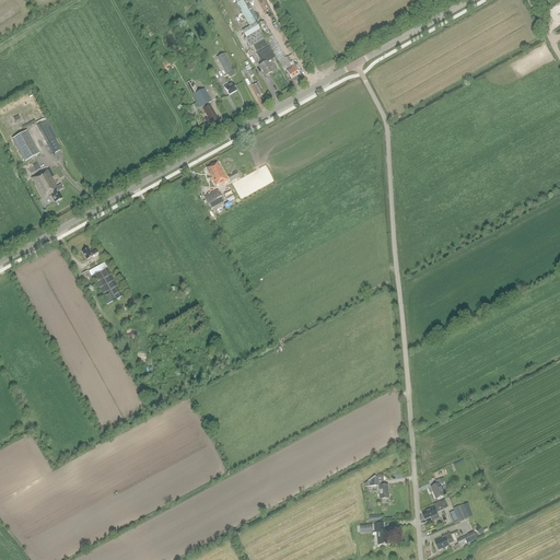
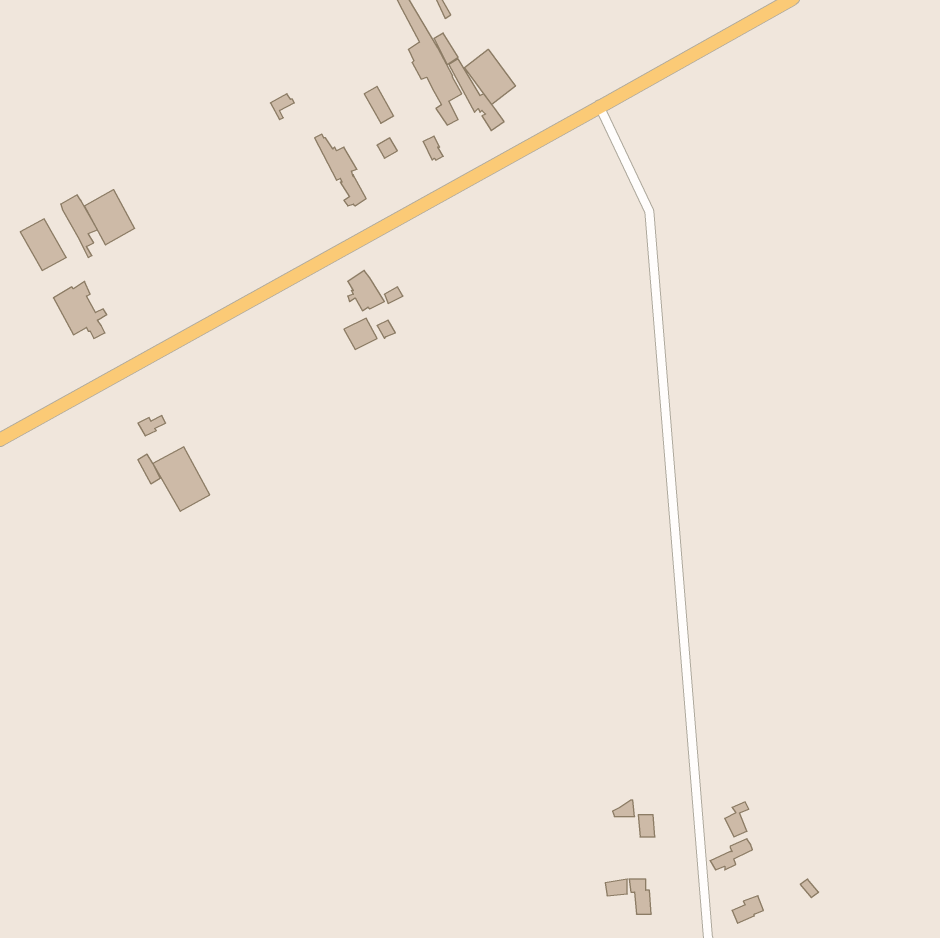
building: none -> [465,49,515,104]
building: none -> [85,190,135,245]

